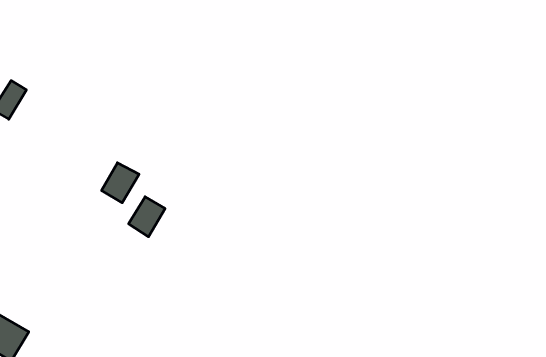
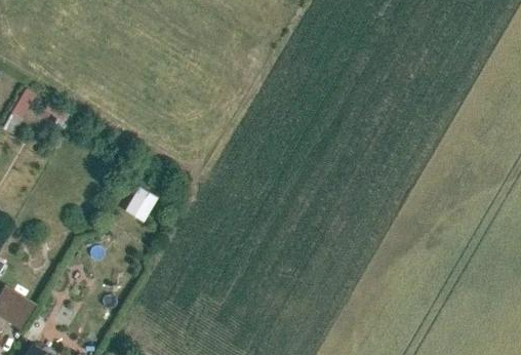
building: [102,163,139,203] -> none

